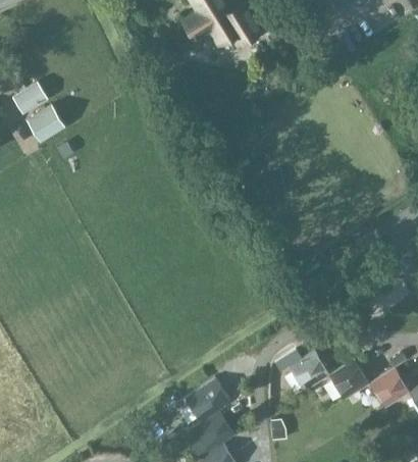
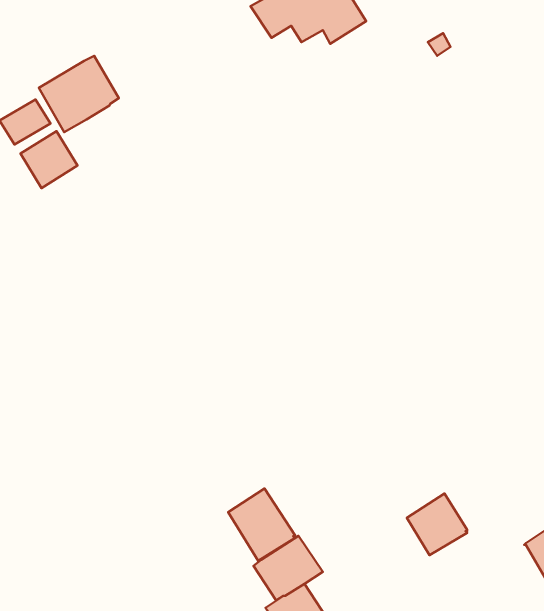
building: none -> [39,56,119,132]
building: none -> [228,488,295,561]
building: [328,359,369,400] -> none

